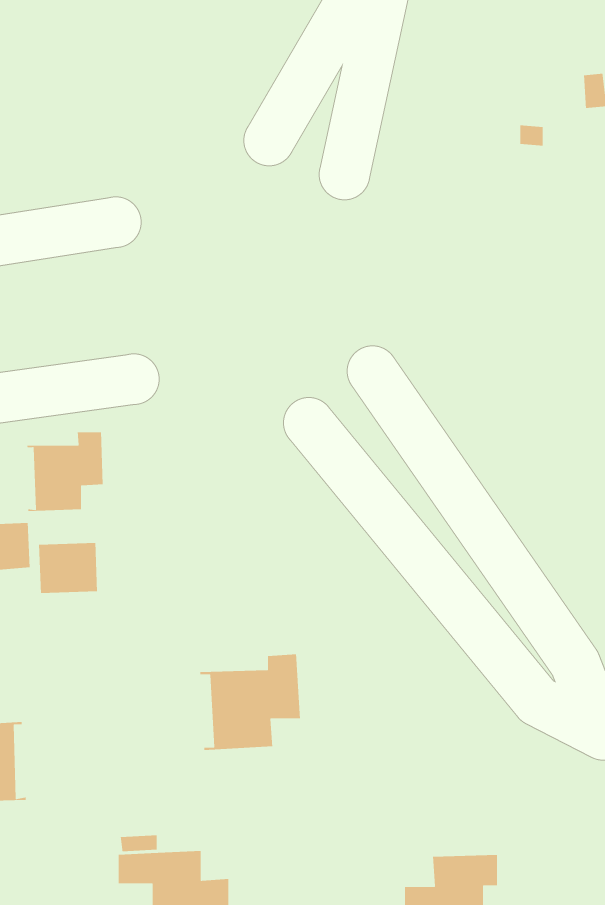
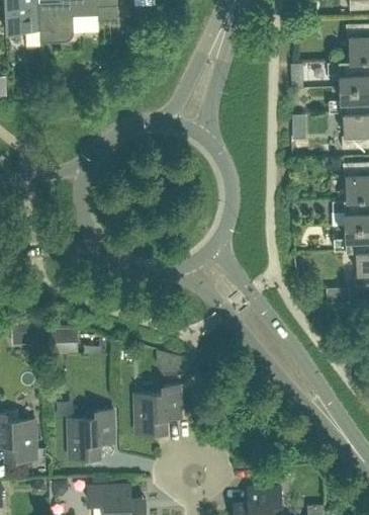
building: [26,431,104,512] -> none
building: none -> [64,410,114,458]

